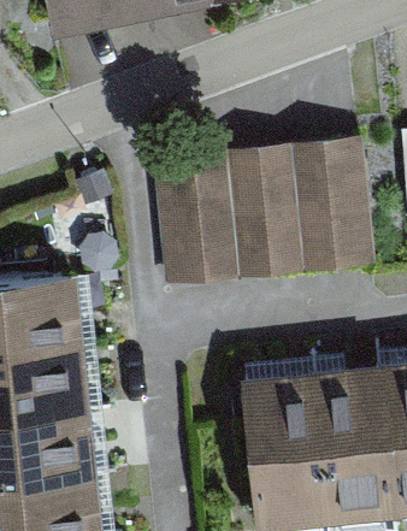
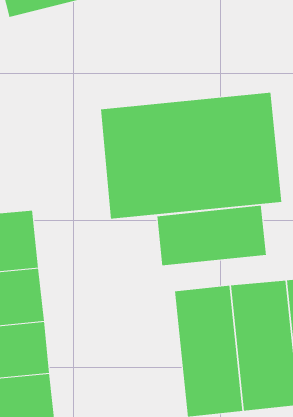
building: none -> [157,205,266,266]

